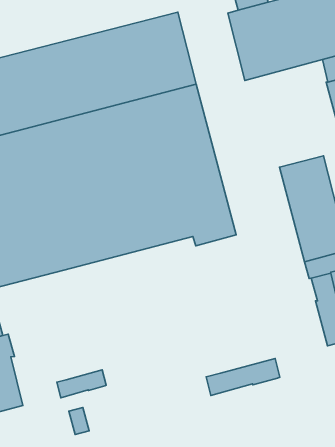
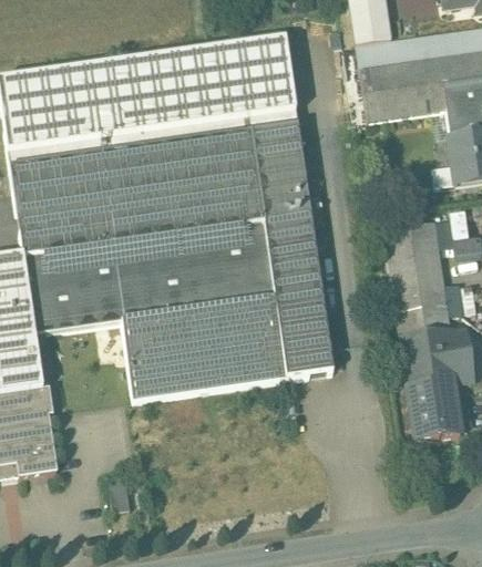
building: none -> [122,297,335,399]
building: [206,359,280,395] -> none
building: [57,370,106,398] -> none

